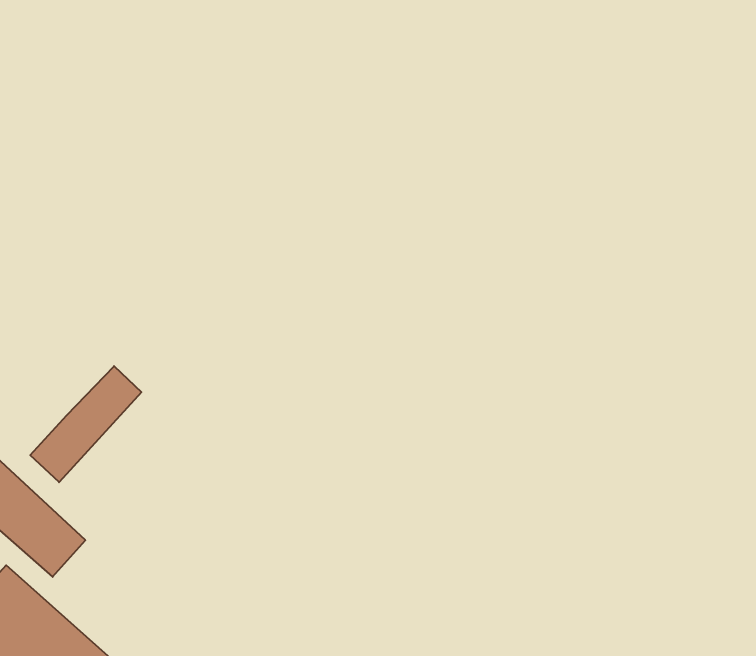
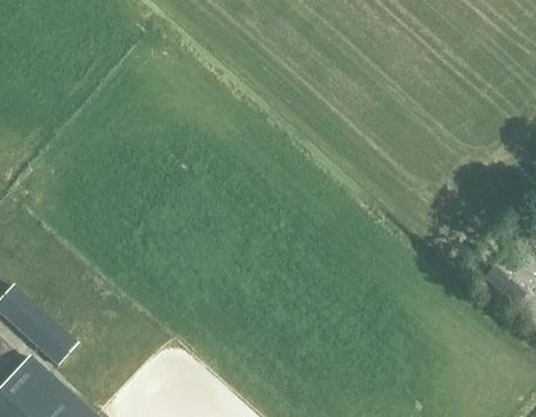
building: [30,366,141,482] -> none

